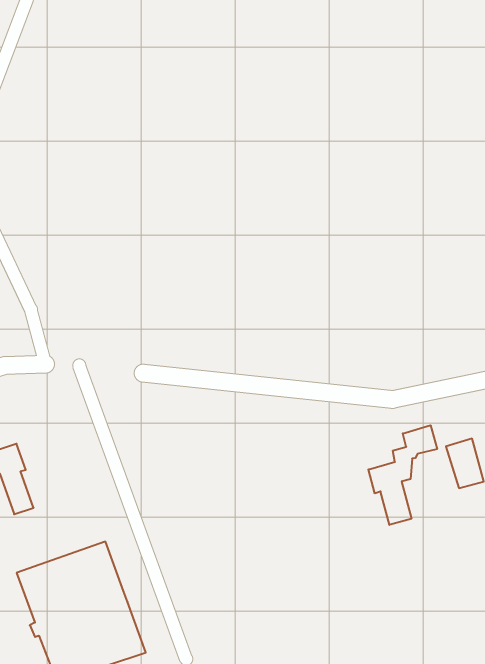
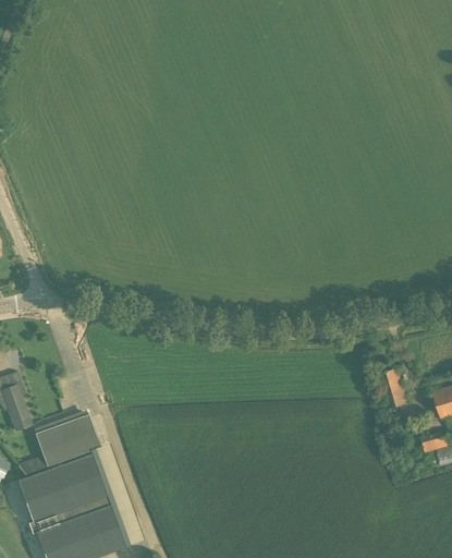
building: [368,425,437,525] -> none
building: none -> [17,413,100,475]

